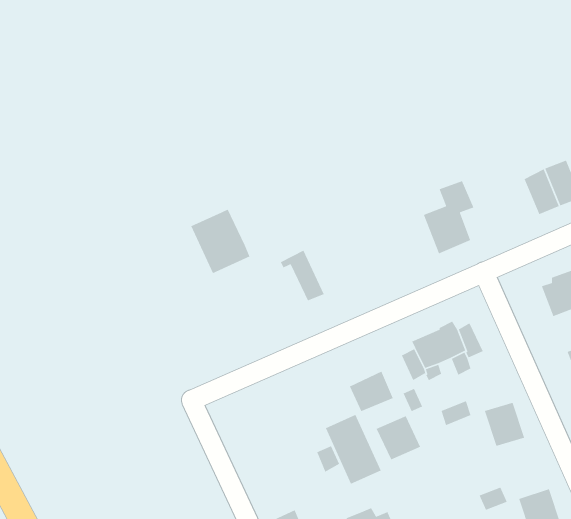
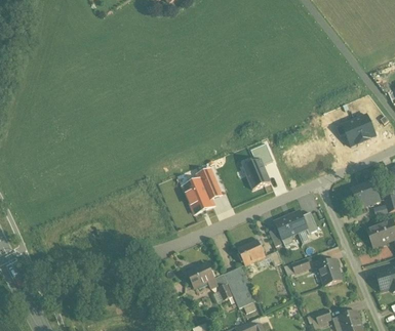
building: [423,180,475,254] -> [241,146,272,190]
building: [190,208,251,274] -> [181,177,216,216]
building: none -> [187,262,215,288]
building: [376,415,421,461] -> none

